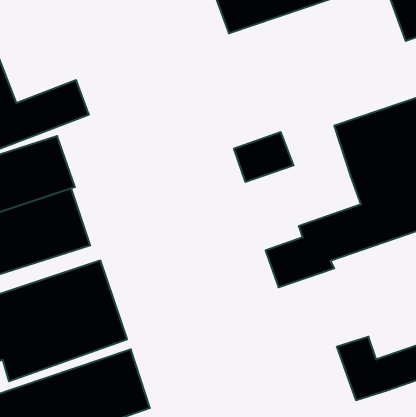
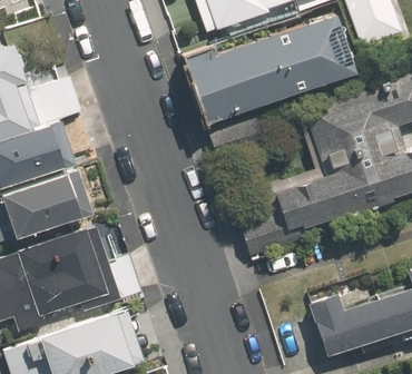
building: none -> [189,14,356,124]

